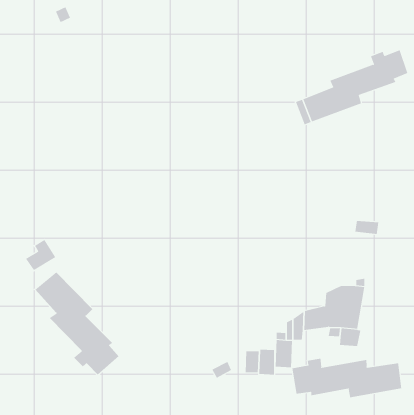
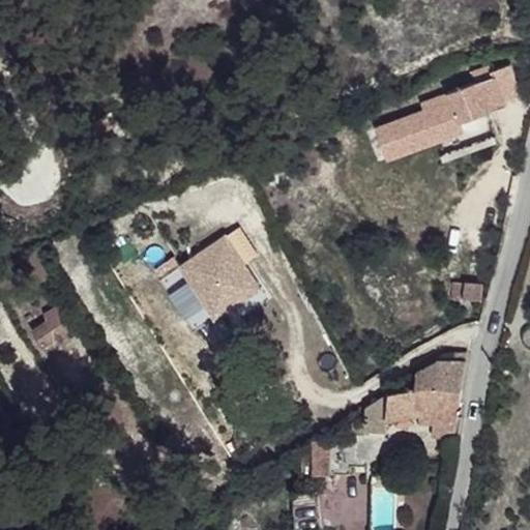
building: none -> [159,236,259,331]
building: [34,271,119,376] -> none
building: [292,358,402,398] -> none

